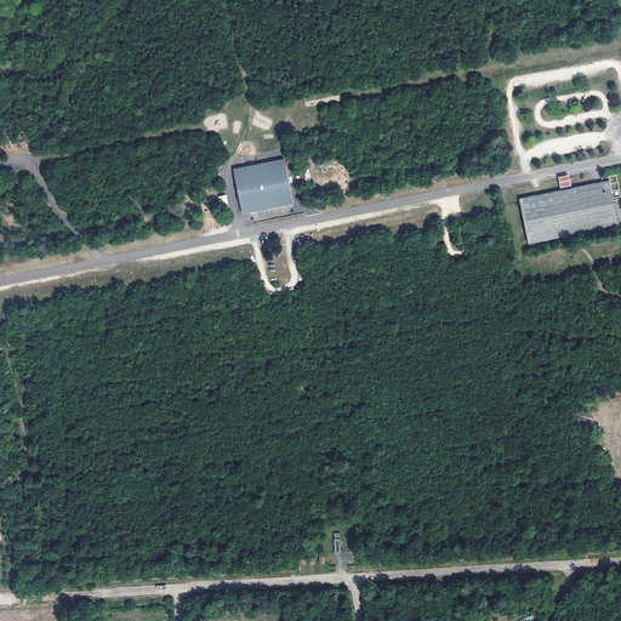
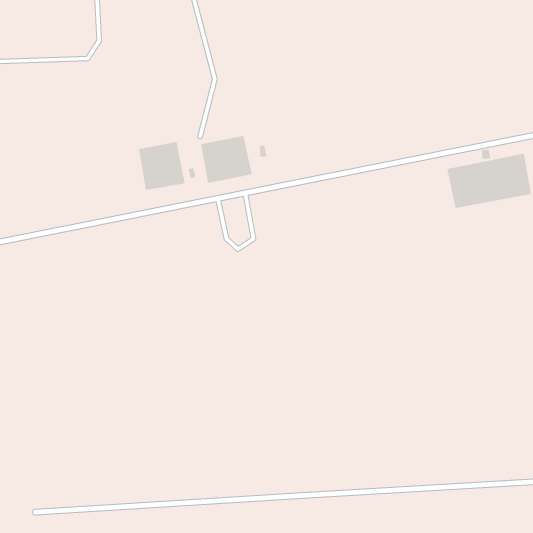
building: none -> [138,141,185,190]

